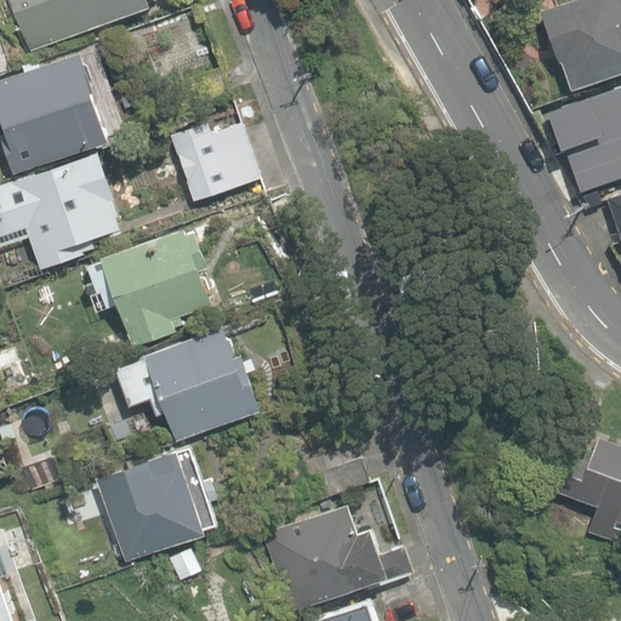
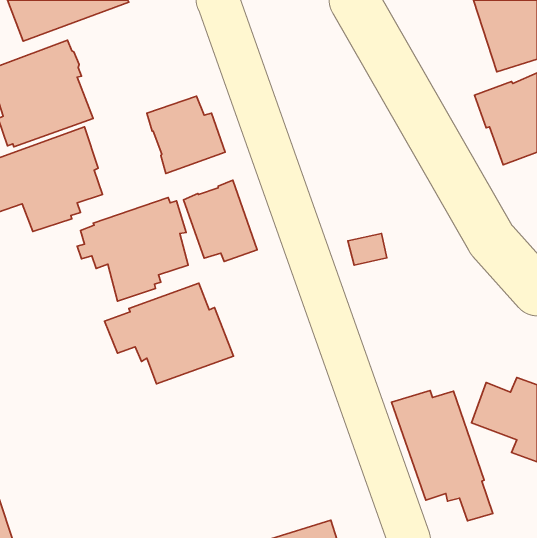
building: none -> [183,180,257,261]
building: [99,446,223,563] -> none
building: none -> [392,391,493,521]
building: [264,503,416,614] -> none

